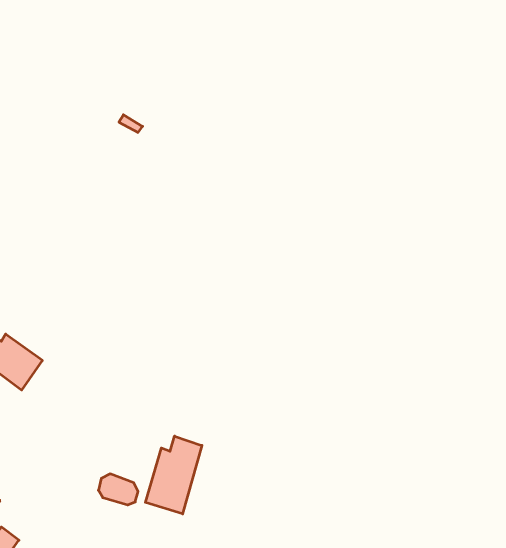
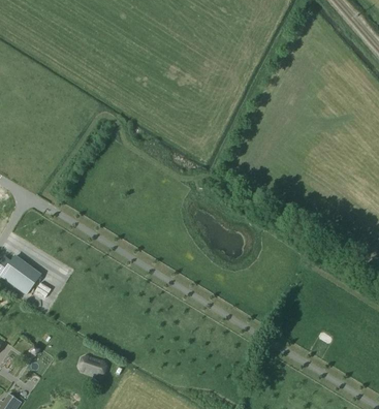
building: [145,436,202,514] -> none

